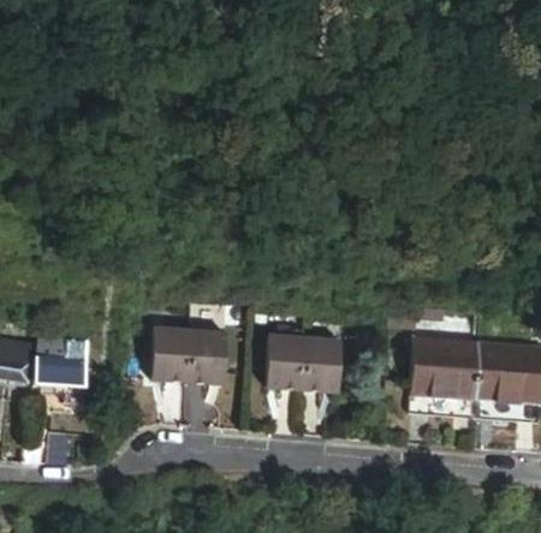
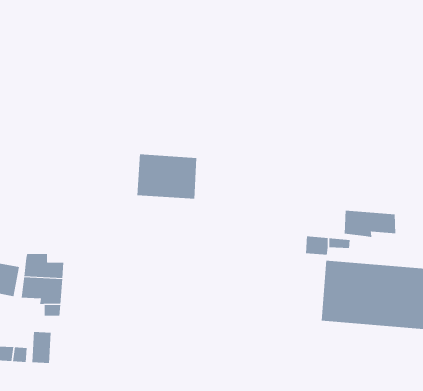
building: none -> [344,210,396,238]
building: [150,327,226,383] -> [136,154,197,199]
building: [264,334,340,391] -> none

